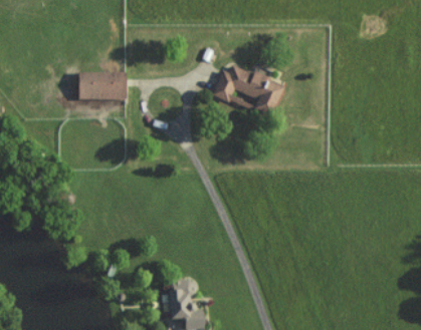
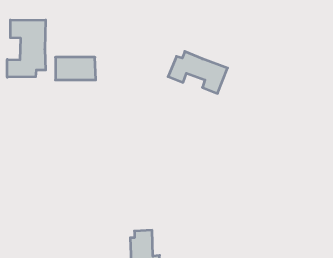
building: none -> [7,20,46,77]

